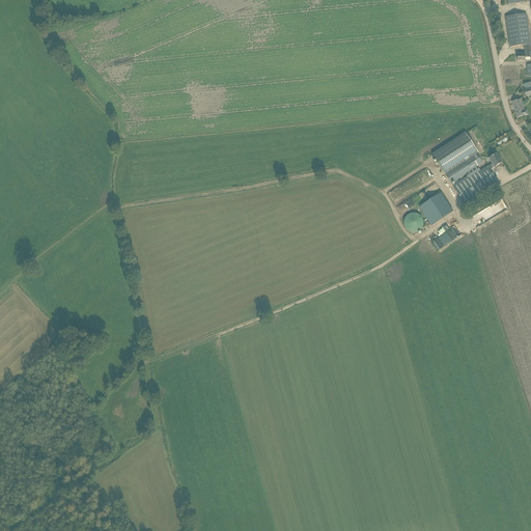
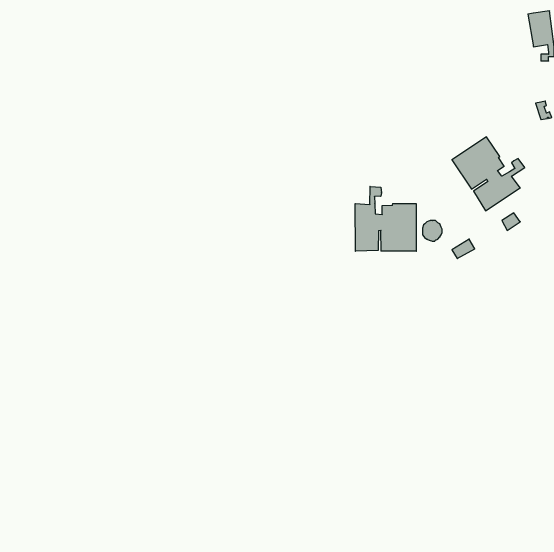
building: none -> [355,186,416,251]
building: [419,190,452,223] -> none

